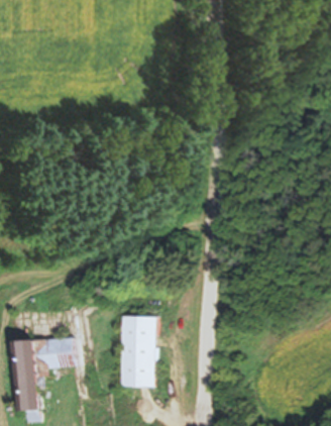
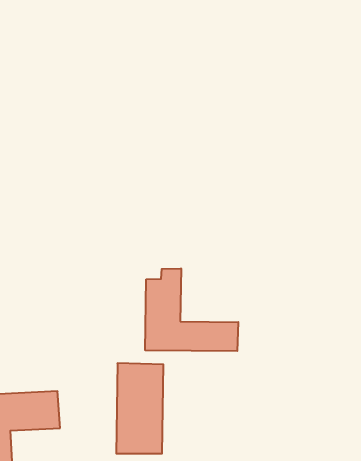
building: none -> [145,268,238,351]

